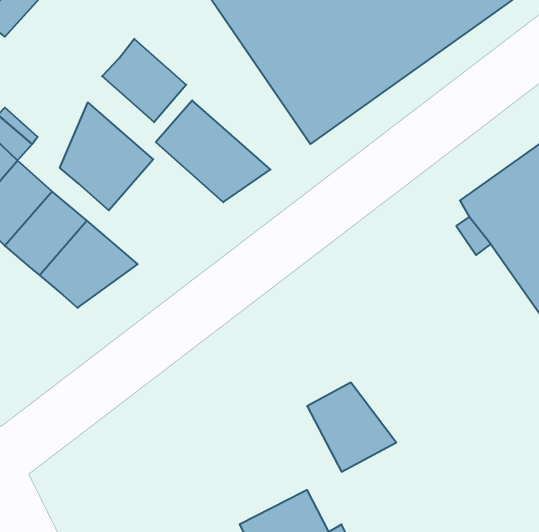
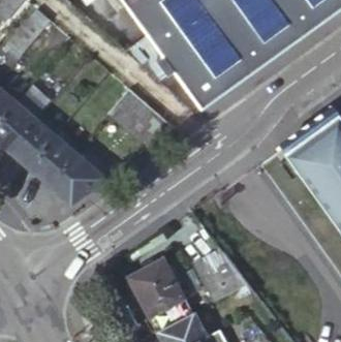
building: [102,39,186,122] -> none
building: [60,102,153,210] -> none
building: none -> [129,256,193,330]

